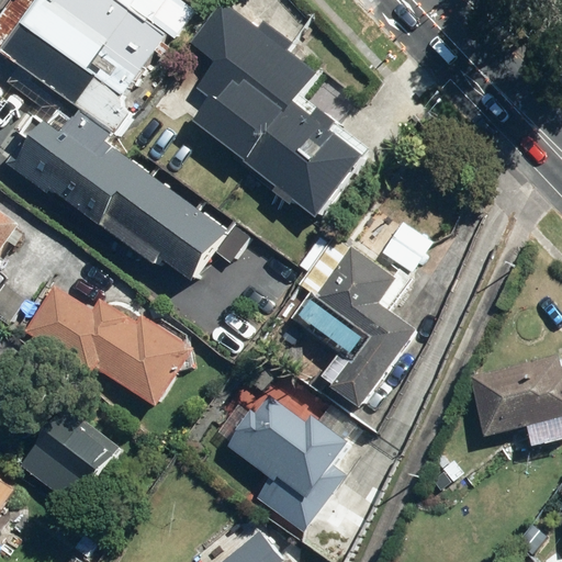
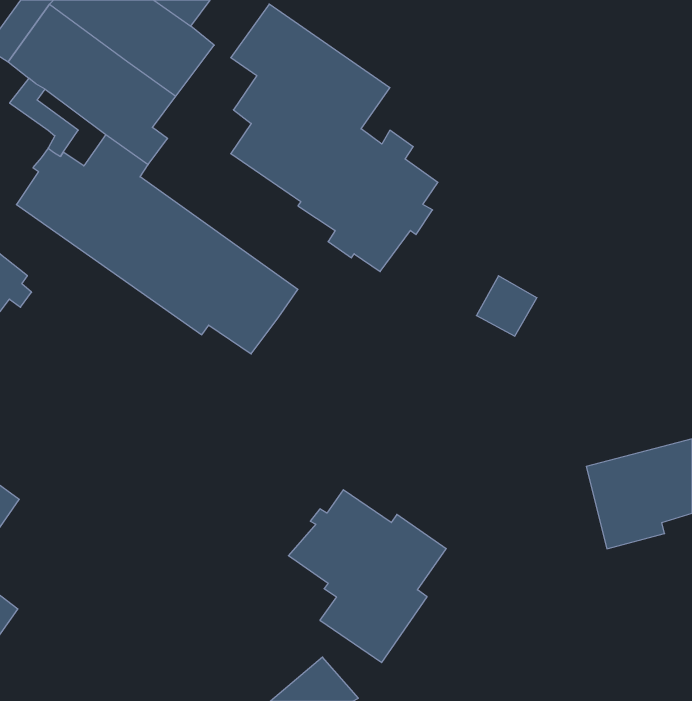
building: [290,232,423,407] -> none
building: [15,279,193,405] -> none
building: [12,406,114,507] -> none

